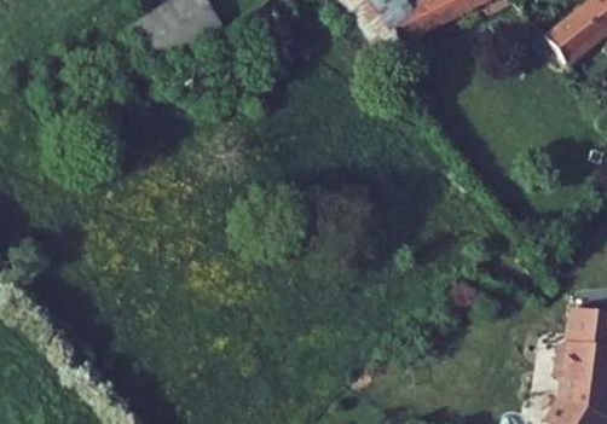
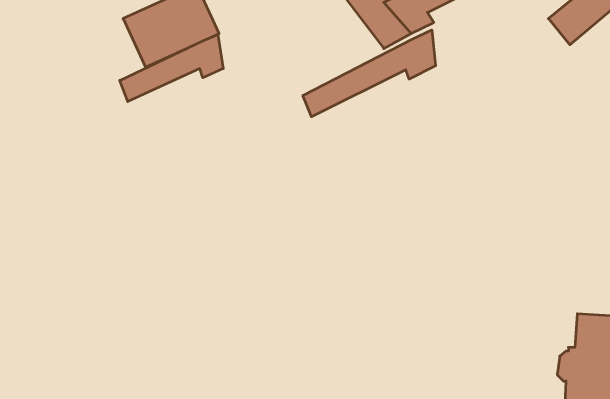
building: none -> [303,30,436,117]
building: none -> [120,35,223,102]

